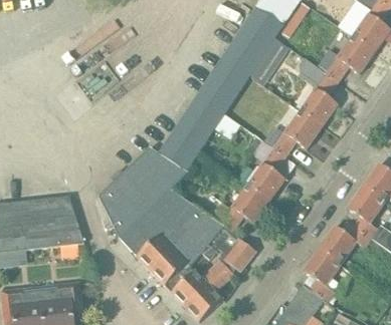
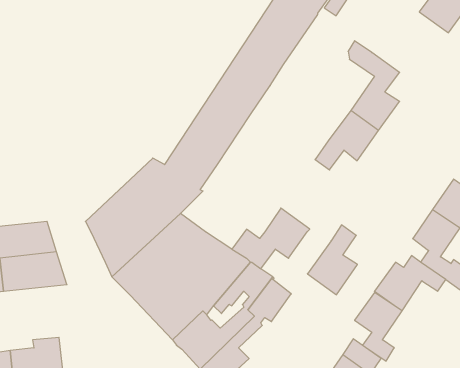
building: [317,35,375,81] -> none
building: [249,37,288,83] -> none
building: [247,147,285,201] -> [307,225,357,295]

